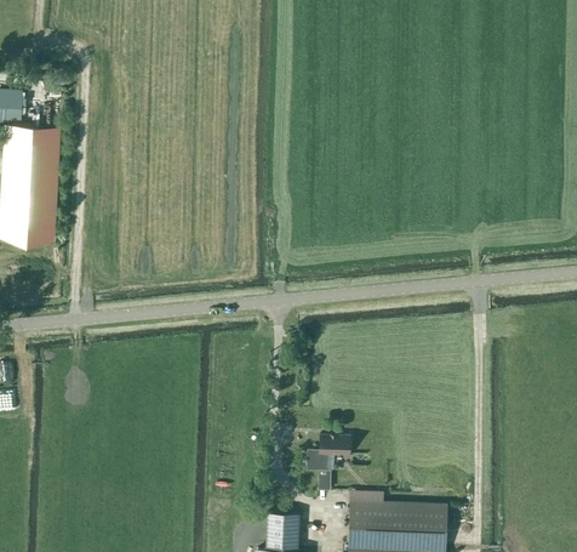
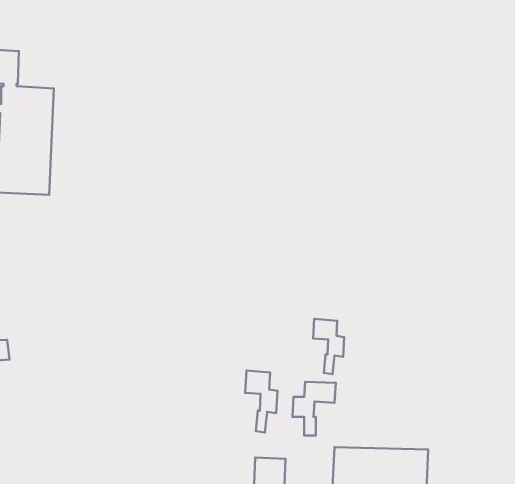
building: none -> [313,319,344,374]
building: none -> [245,370,277,433]

